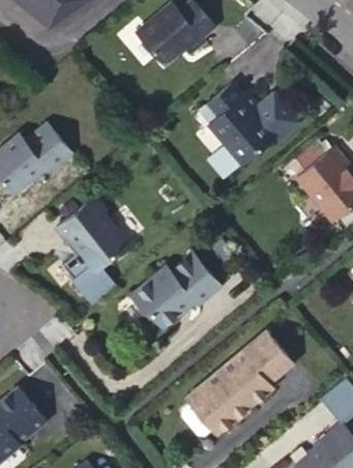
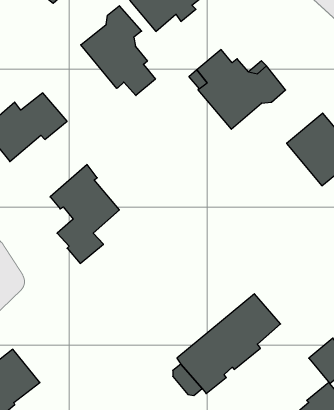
building: none -> [81,6,155,96]
building: [133,253,220,327] -> none

